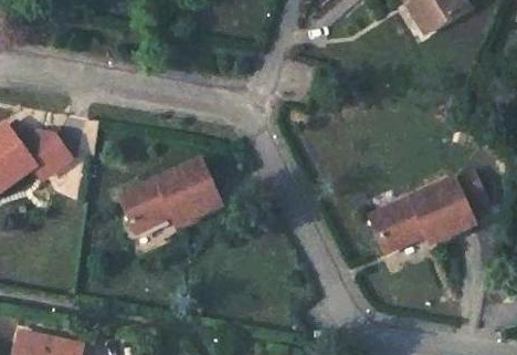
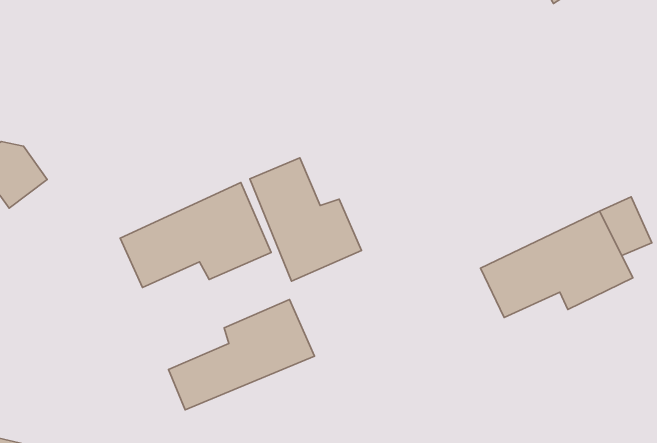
building: none -> [250,158,361,281]
building: none -> [168,299,315,410]

